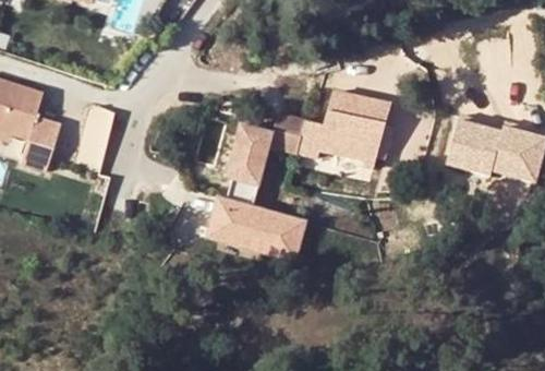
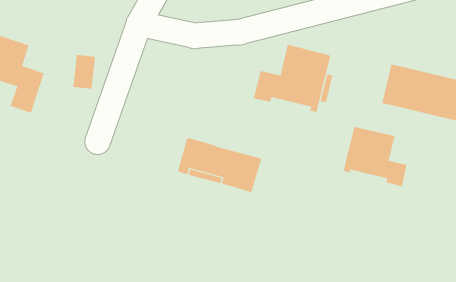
building: [228,113,306,208] -> none
building: none -> [343,126,407,187]

